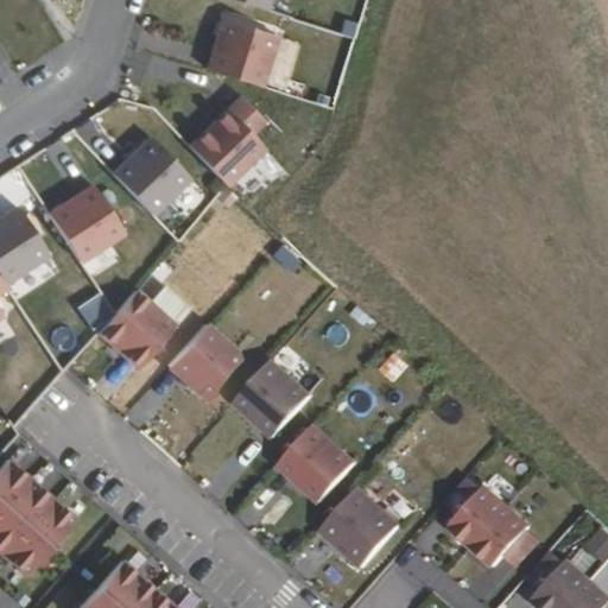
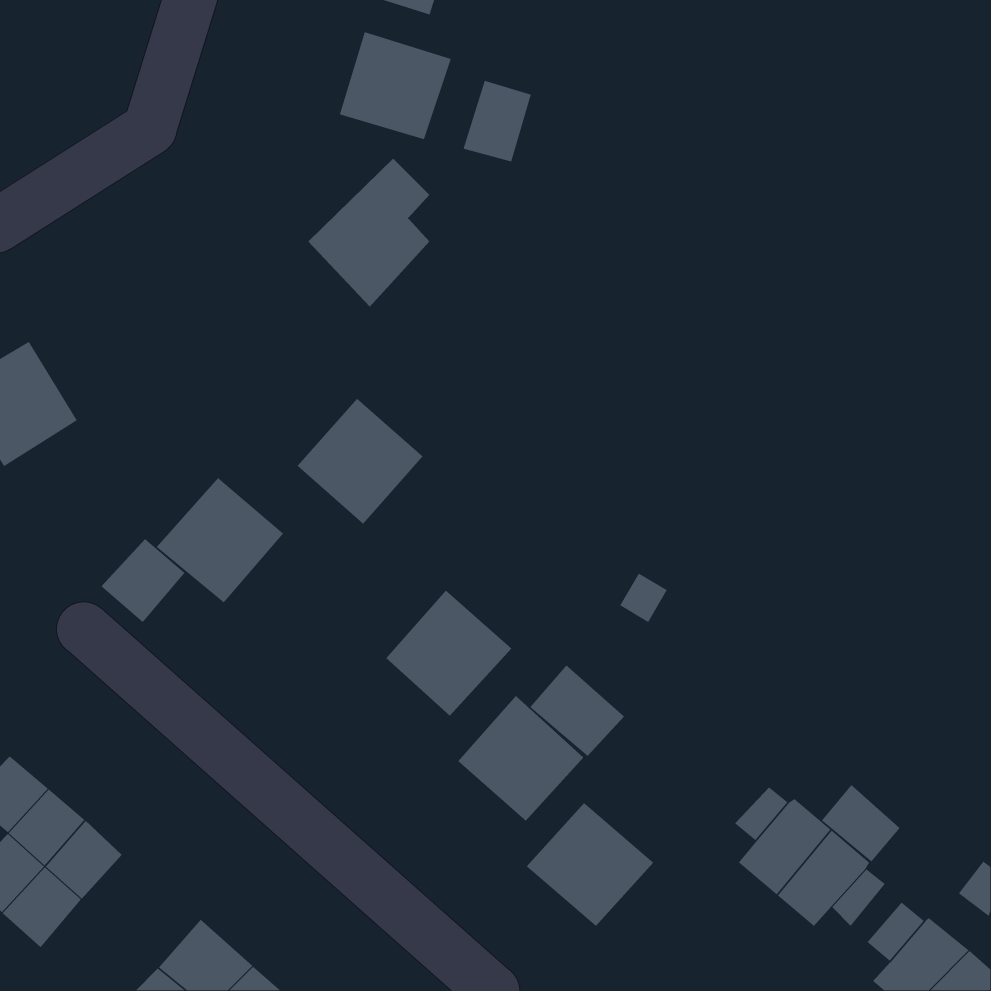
building: none -> [462,80,532,162]
building: [109,138,189,215] -> none
building: [45,186,122,262] -> none
building: [166,324,243,401] -> [297,398,423,524]
building: none -> [100,538,186,623]
building: none -> [529,664,625,757]
building: none -> [821,784,901,862]

